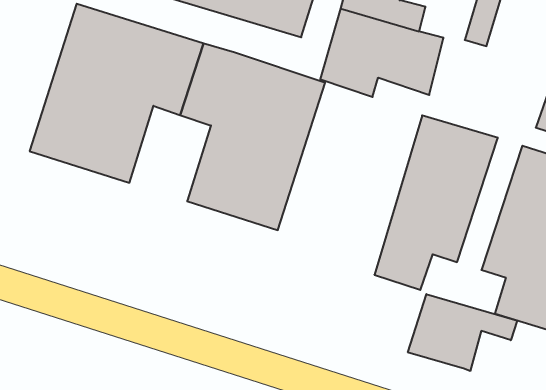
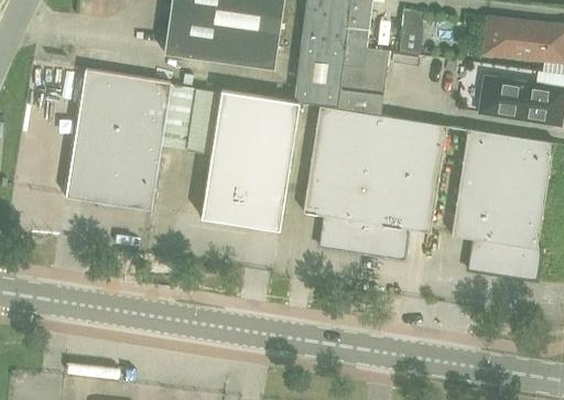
building: none -> [303,106,382,253]
building: [408,294,517,371] -> none

